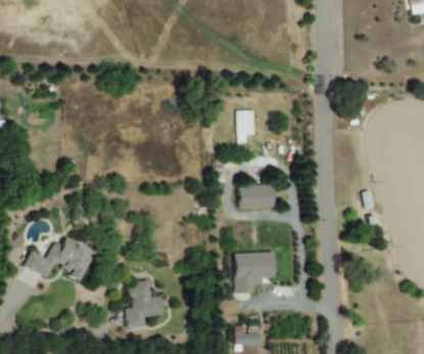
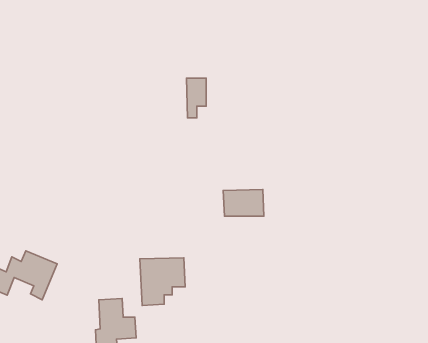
building: [238,110,255,145] -> [186,78,206,118]
building: [235,252,275,294] -> [140,258,185,305]

